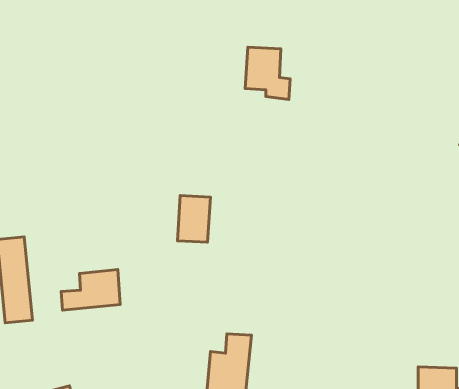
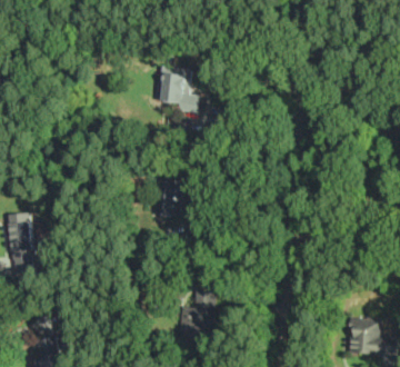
building: [245,47,290,99] -> [162,70,199,112]
building: [61,269,120,310] -> none

